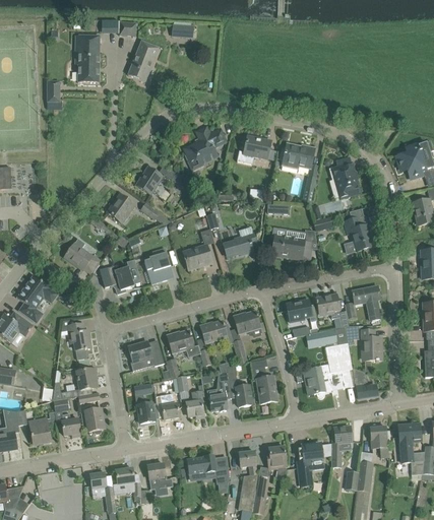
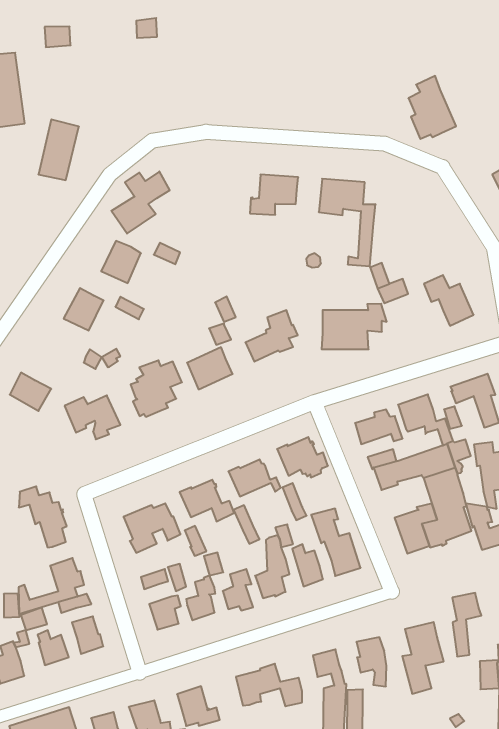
building: [128,41,159,81] -> [38,119,79,180]
building: [186,127,226,166] -> [111,171,170,234]
building: [329,156,358,196] -> [408,76,456,139]

